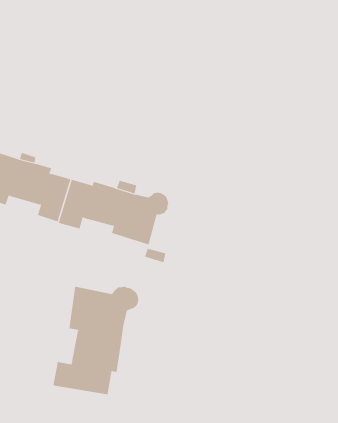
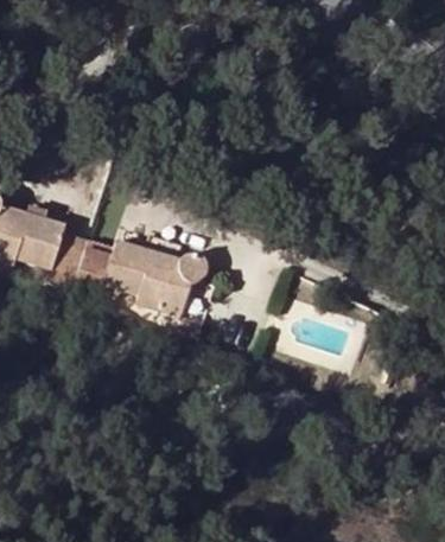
building: [53,286,139,395] -> none

